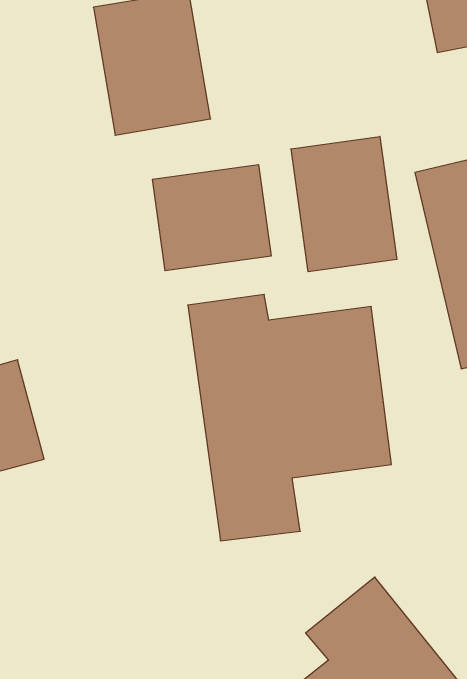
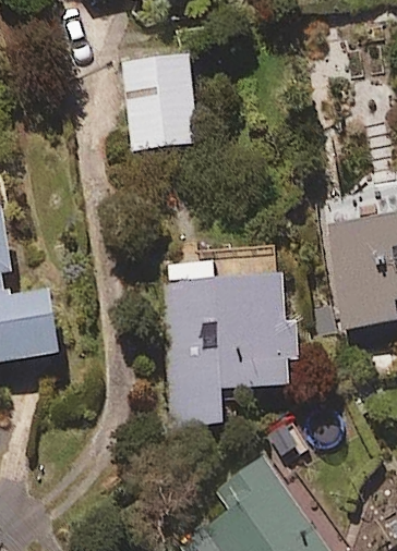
building: [291,136,397,272] -> none
building: [152,165,271,271] -> none

